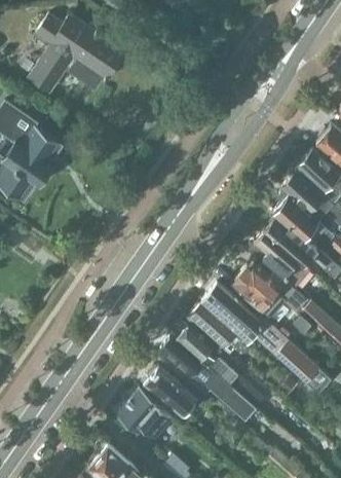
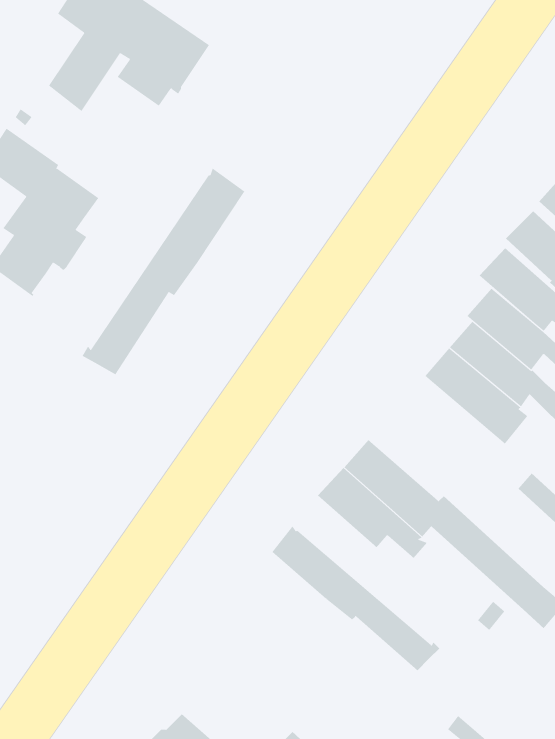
building: none -> [82,167,245,375]
building: [234,261,305,319] -> none
building: [175,322,265,406] -> none
building: [142,366,206,416] -> none
building: [118,390,172,440] -> none

